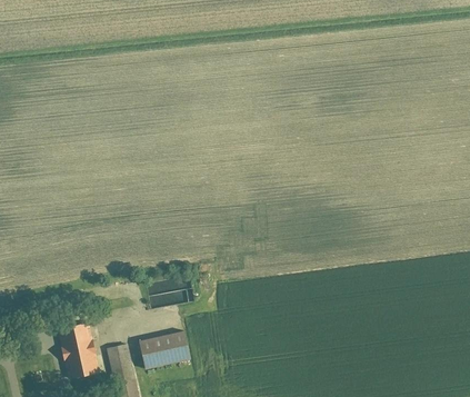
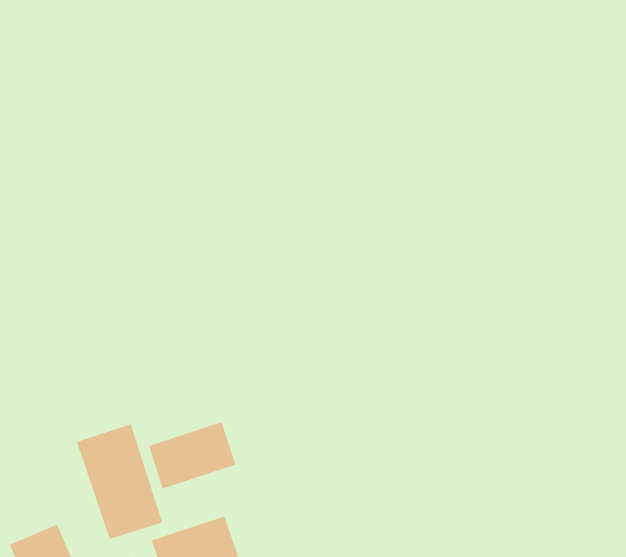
building: none -> [76,424,163,540]

